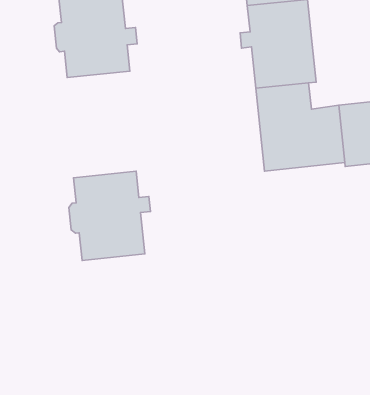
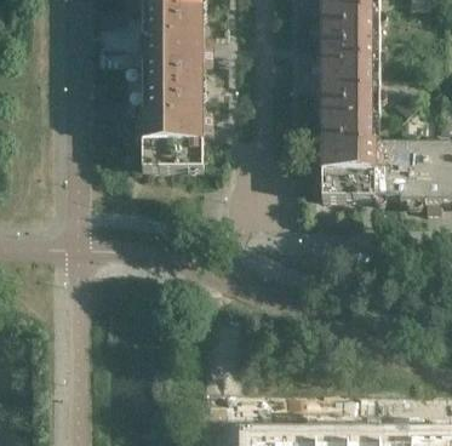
building: [69,171,151,260] -> [133,87,211,167]

